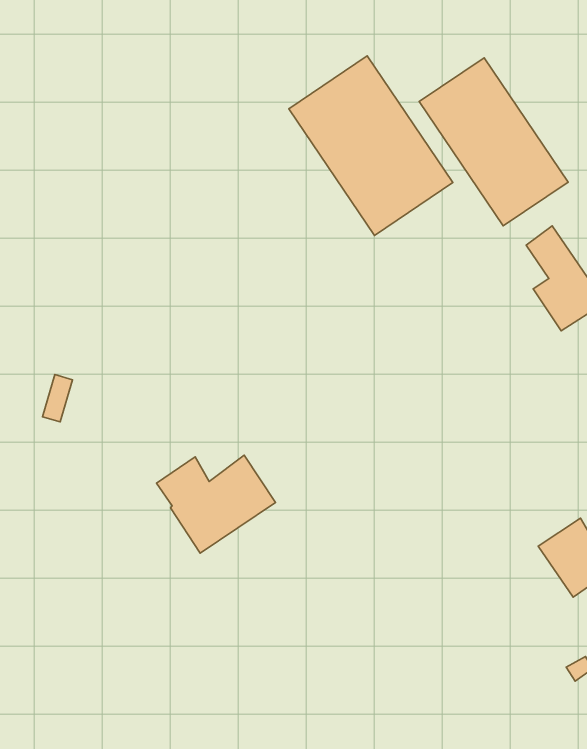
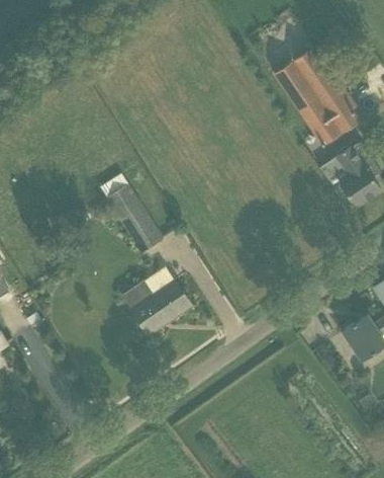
building: [289,56,453,236] -> none
building: none -> [105,183,164,253]

